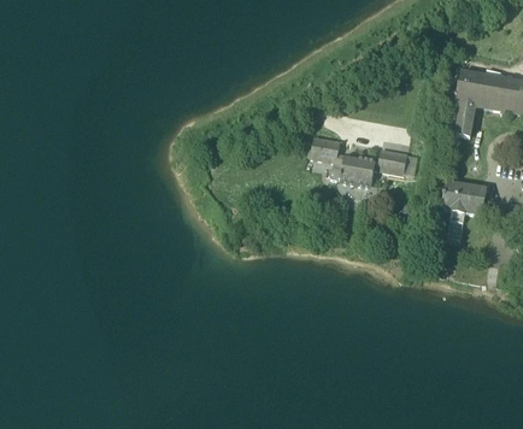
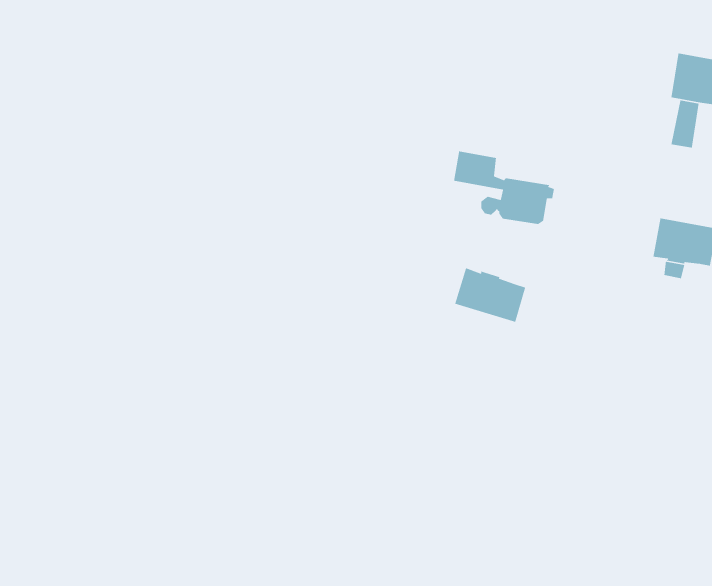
building: [376,149,406,174] -> none
building: none -> [454,267,526,323]

